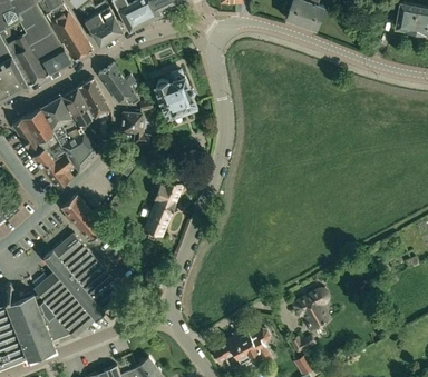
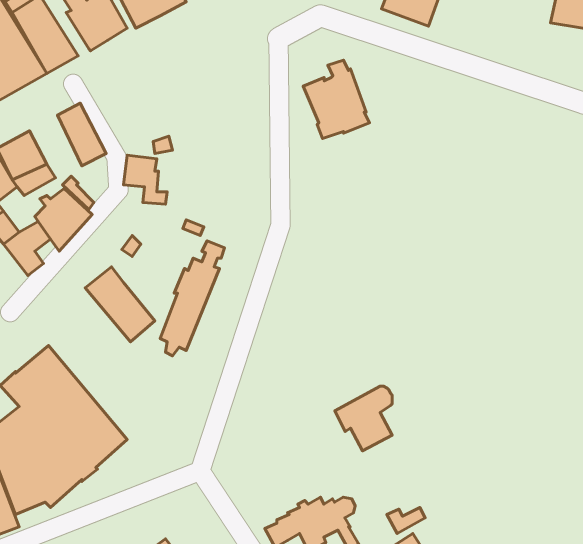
building: [98,63,139,105] -> none
building: [155,70,197,120] -> [303,60,370,138]
building: [62,88,90,123] -> none
building: [60,195,105,242] -> [85,267,155,342]
building: [293,288,330,329] -> [335,386,392,451]

